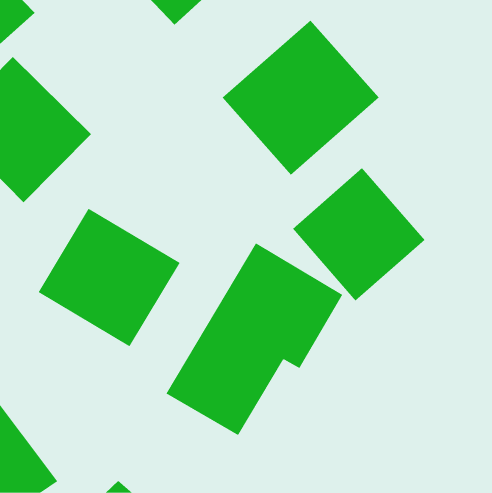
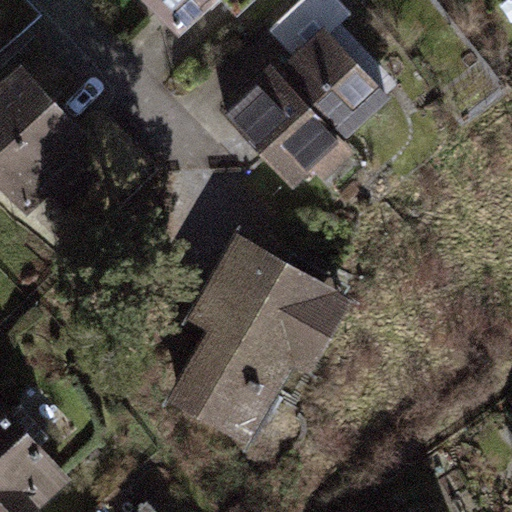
building: [292,167,425,302] -> none
building: [38,208,180,347] -> none

